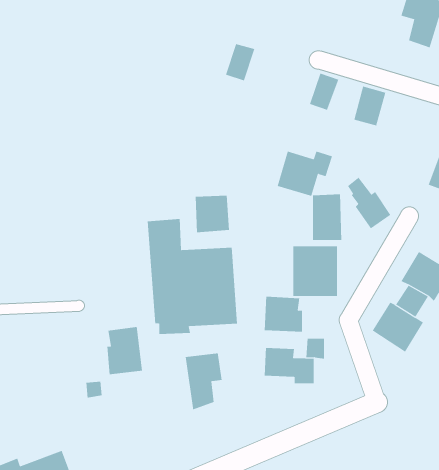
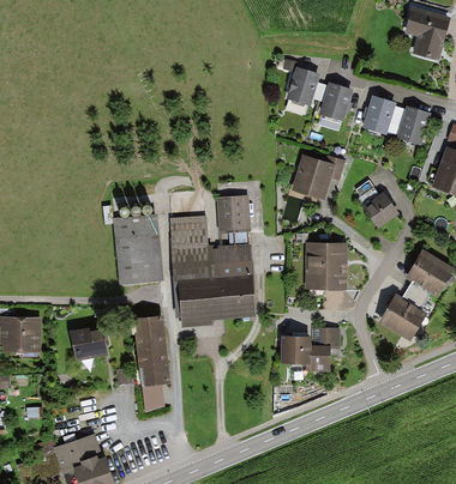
building: [225,44,255,81] -> [288,69,316,104]
building: none -> [396,107,426,144]
building: [312,194,342,241] -> none
building: none -> [113,214,162,283]
building: [264,296,303,333] -> none
building: none -> [71,327,106,359]
building: [185,353,222,410] -> [137,358,172,411]

